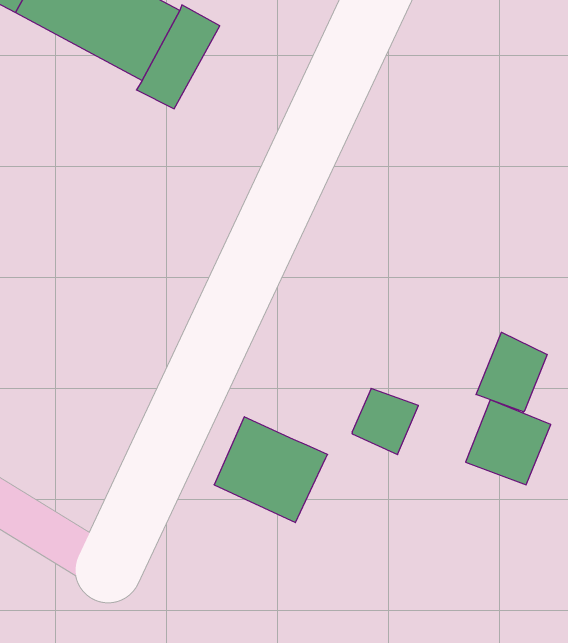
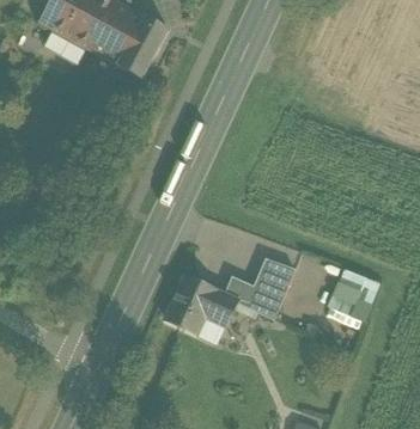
building: [476,332,547,412] -> none
building: none -> [224,274,281,317]

